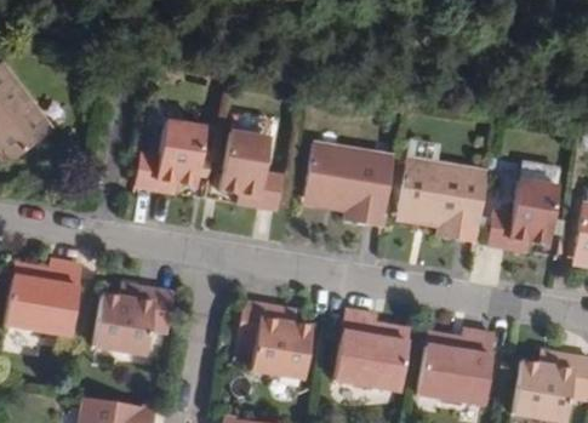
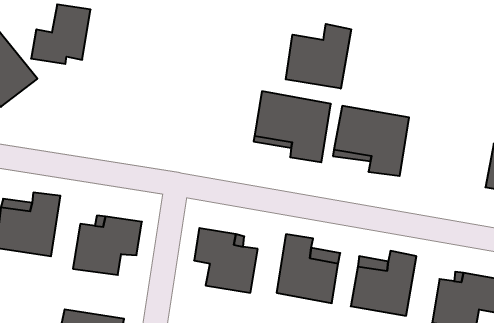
building: none -> [286,24,351,89]
building: [136,121,205,190] -> [31,4,91,64]
building: [221,131,284,208] -> none
building: [489,164,558,251] -> none

